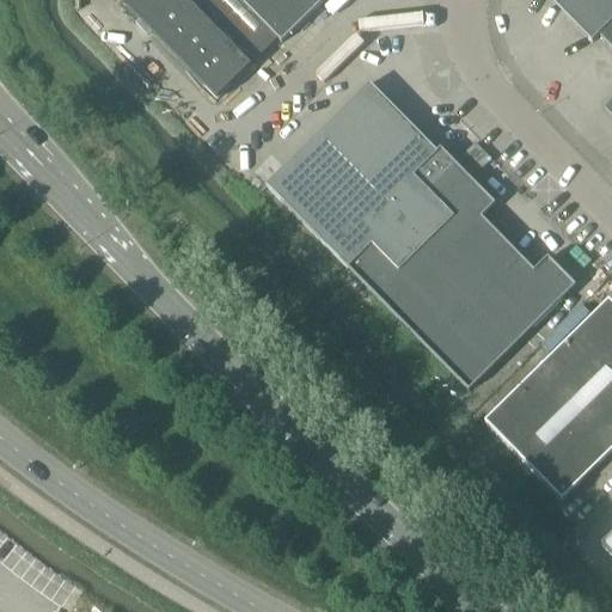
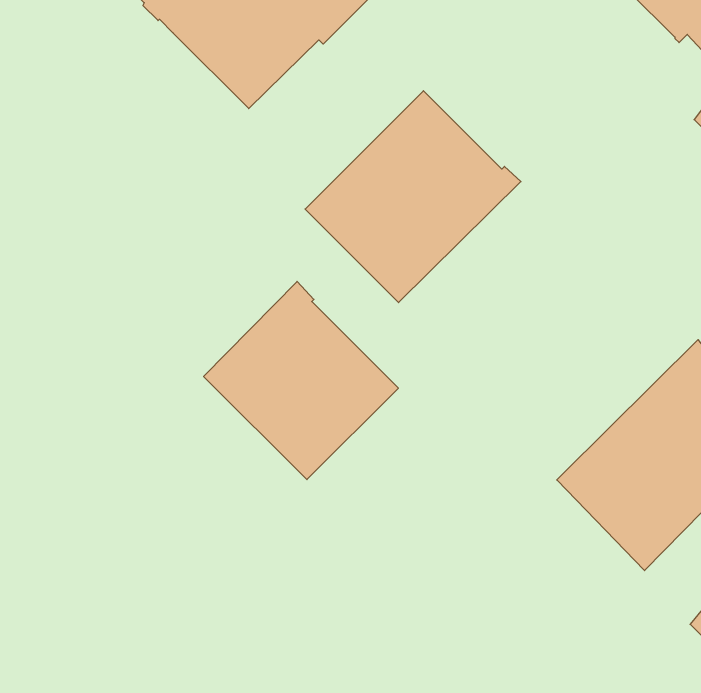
building: [348,158,575,385] -> none
building: none -> [204,281,398,480]

